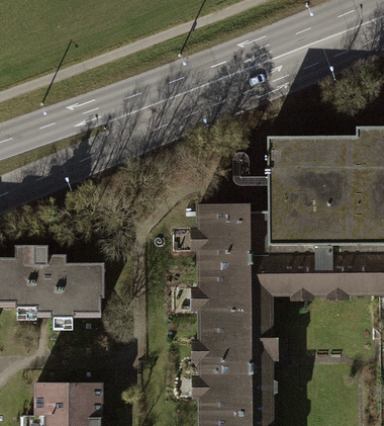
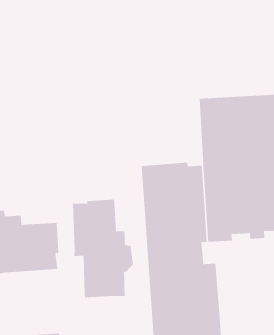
building: none -> [72,199,133,298]

